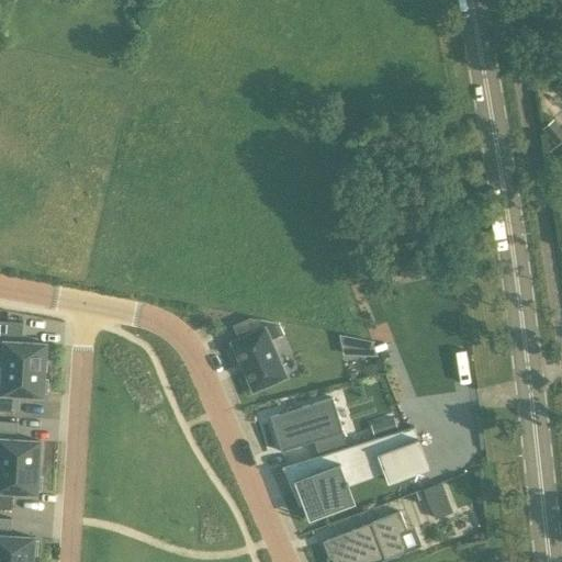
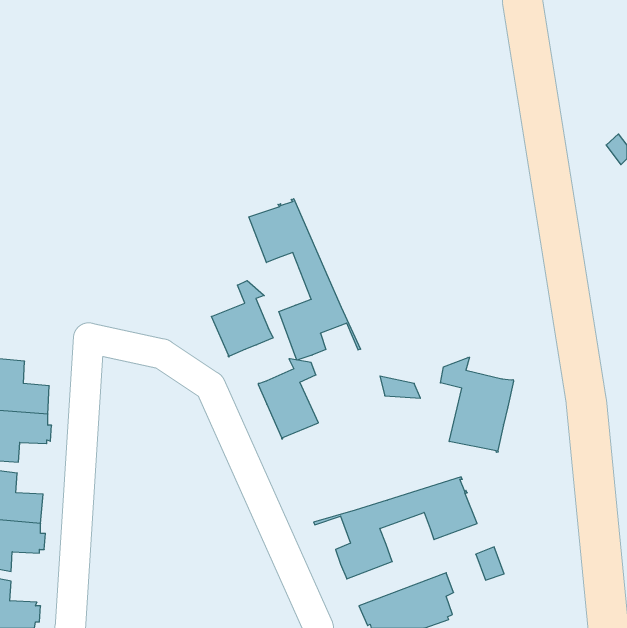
building: none -> [249,199,361,360]
building: none -> [211,281,273,357]
building: none -> [440,357,513,452]
building: [269,397,345,456] -> none

